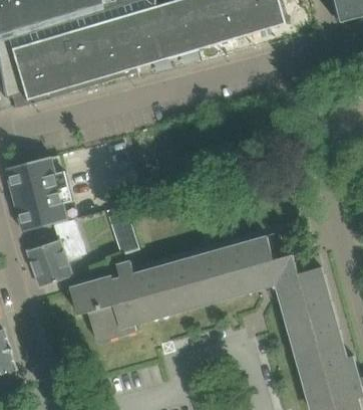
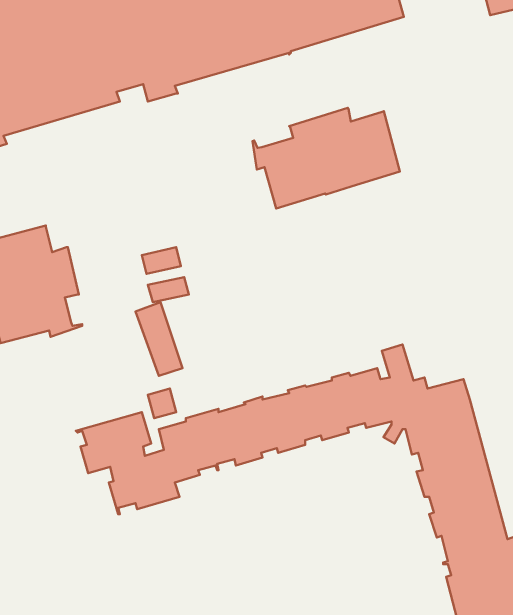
building: none -> [253,108,400,209]
building: [29,220,88,286] -> none

